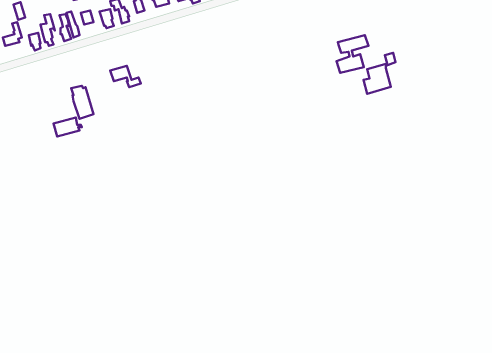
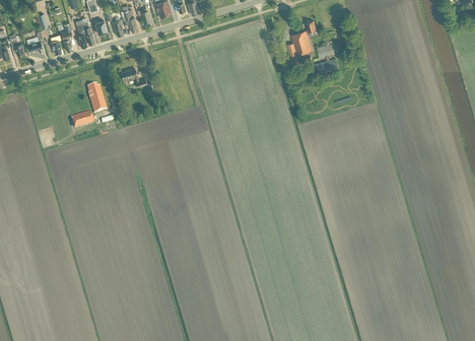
building: [364,53,395,94] -> [287,19,315,55]

